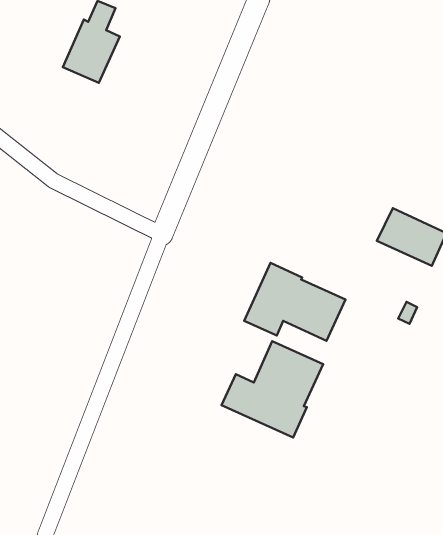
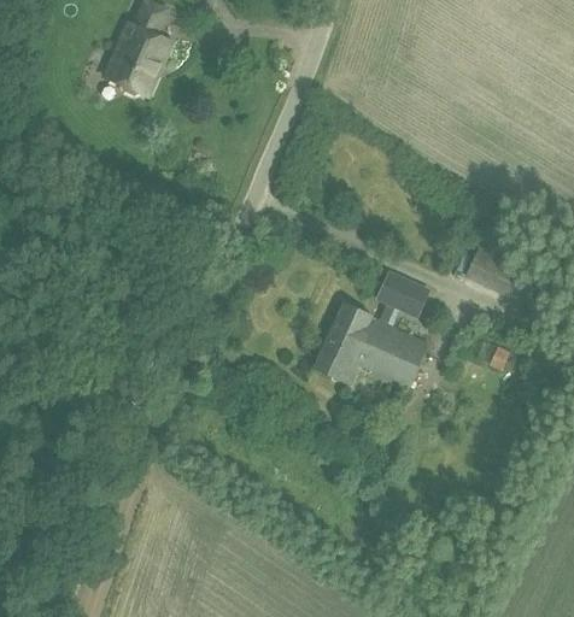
building: none -> [376,271,428,316]
building: [222,341,323,438] -> none

